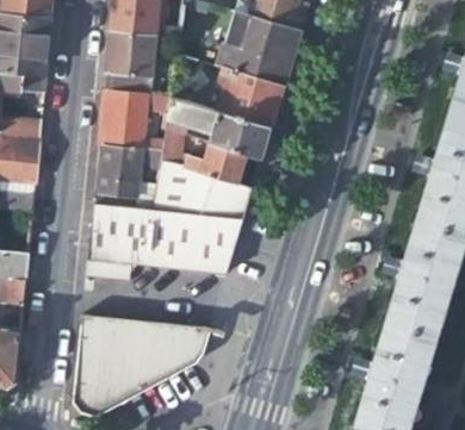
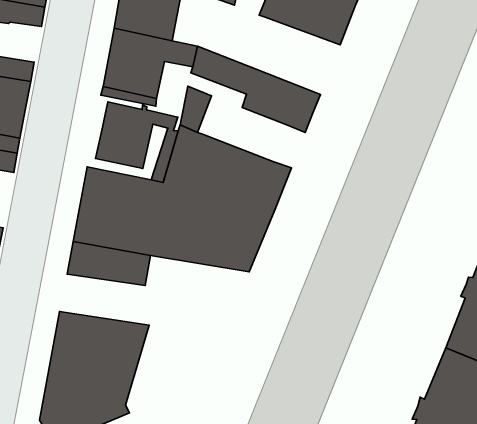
building: [218,70,283,127] -> none
building: [181,143,247,183] -> none
building: [138,320,211,391] -> none

